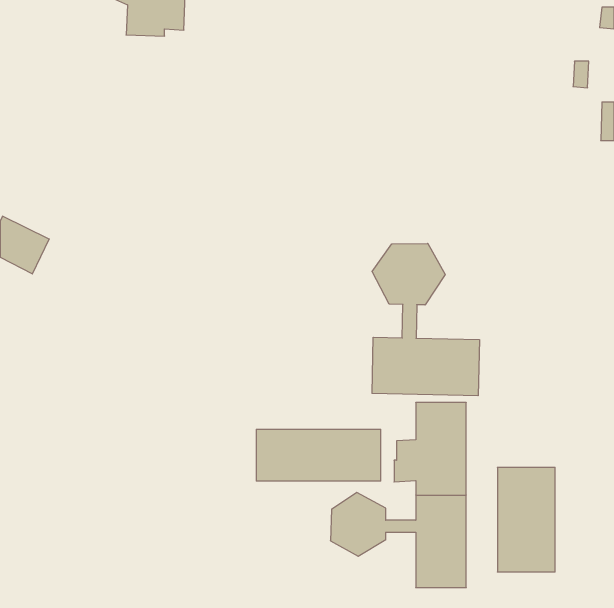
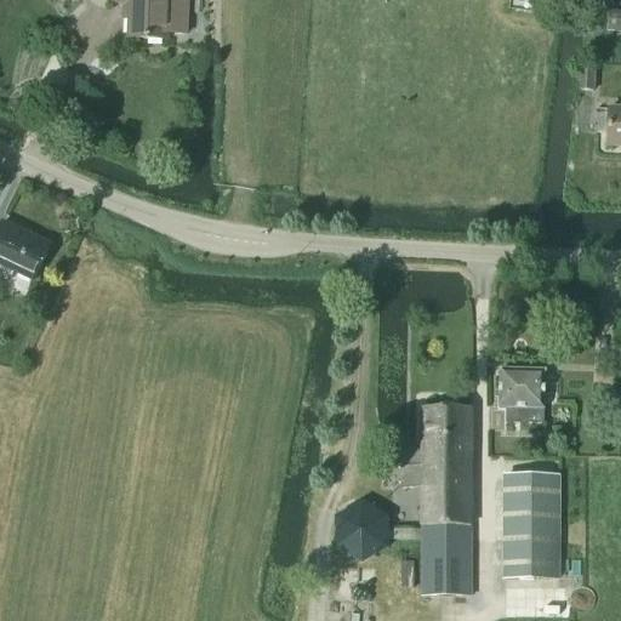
building: [372,243,479,396] -> none
building: none -> [500,369,542,422]
building: [256,429,381,481] -> none

